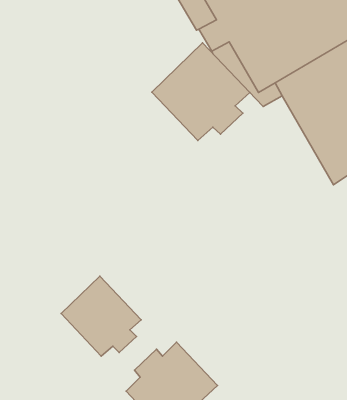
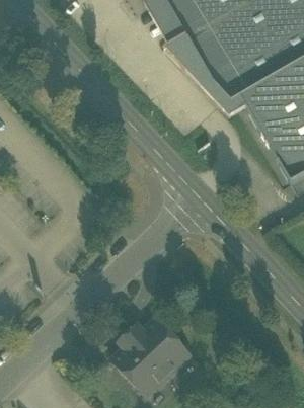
building: [152,43,250,140] -> none
building: [61,276,141,356] -> none

